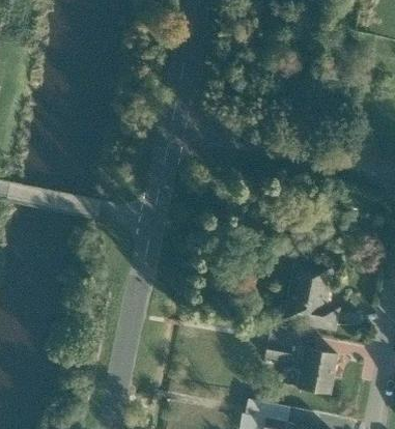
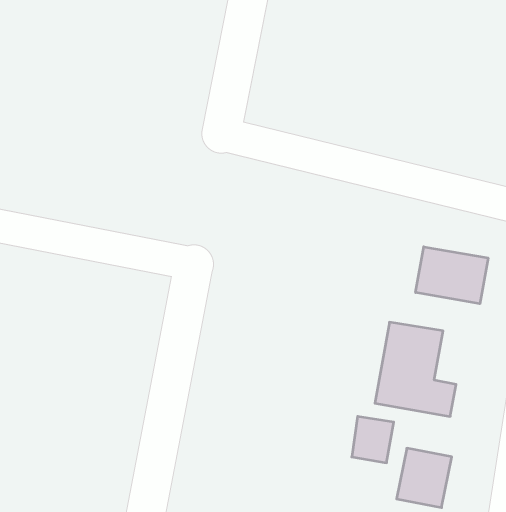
building: none -> [416,247,488,304]

